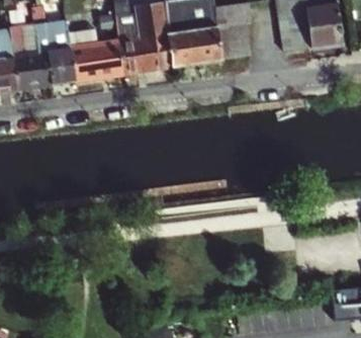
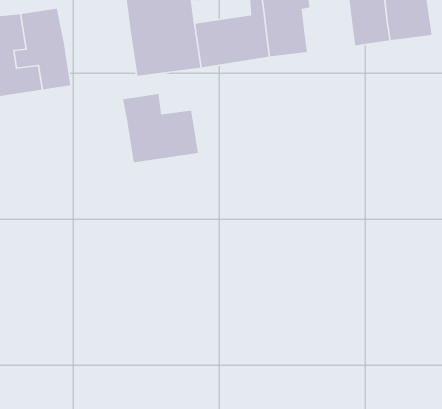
building: [68,29,124,81] -> [122,93,199,163]

